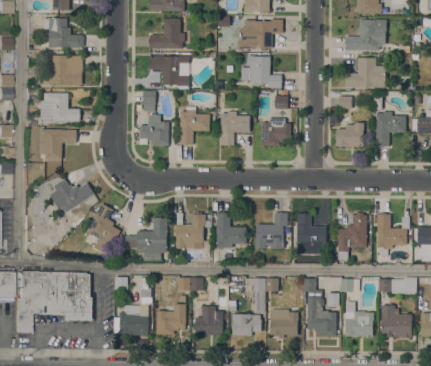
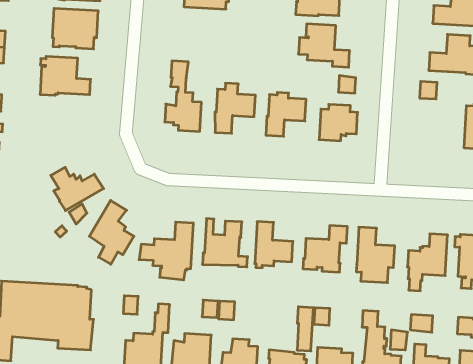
building: [149,56,189,86] -> none
building: [336,123,364,146] -> none
building: [39,129,76,159] -> none

